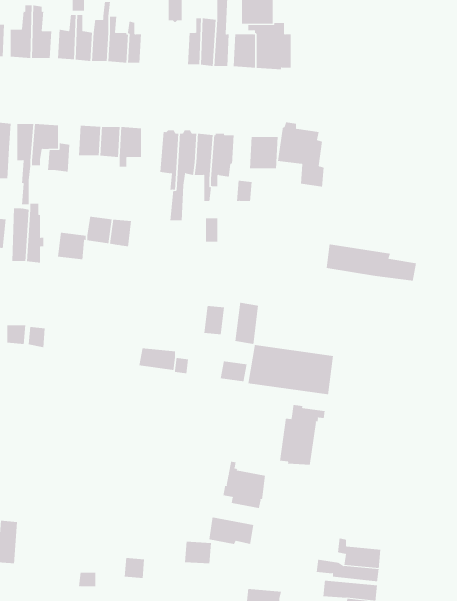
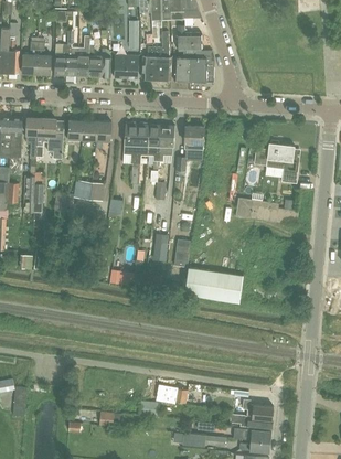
building: none -> [114,54,138,77]
building: [277,122,324,187] -> [265,139,297,183]
building: [279,404,325,465] -> none
building: [223,461,266,509] -> none

